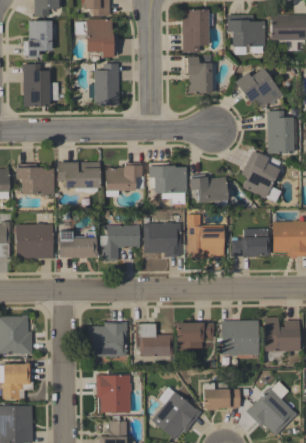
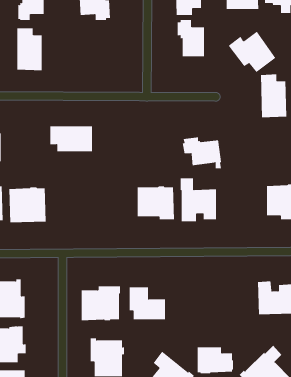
building: [90,63,119,106] -> none
building: [242,150,282,202] -> none
building: [105,163,144,196] -> none
building: [148,163,187,204] -> none
building: [16,164,55,195] -> none
building: [103,225,140,261] -> none
building: [232,228,269,256] -> none
building: [57,231,98,258] -> none
building: [222,321,259,356] -> none
building: [176,323,215,352] -> none

